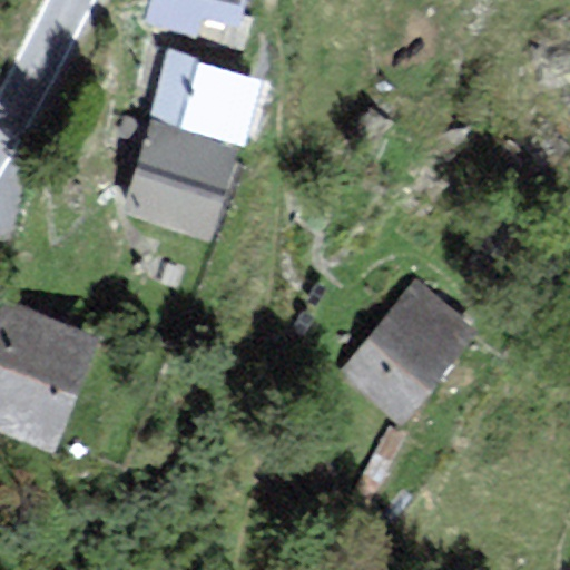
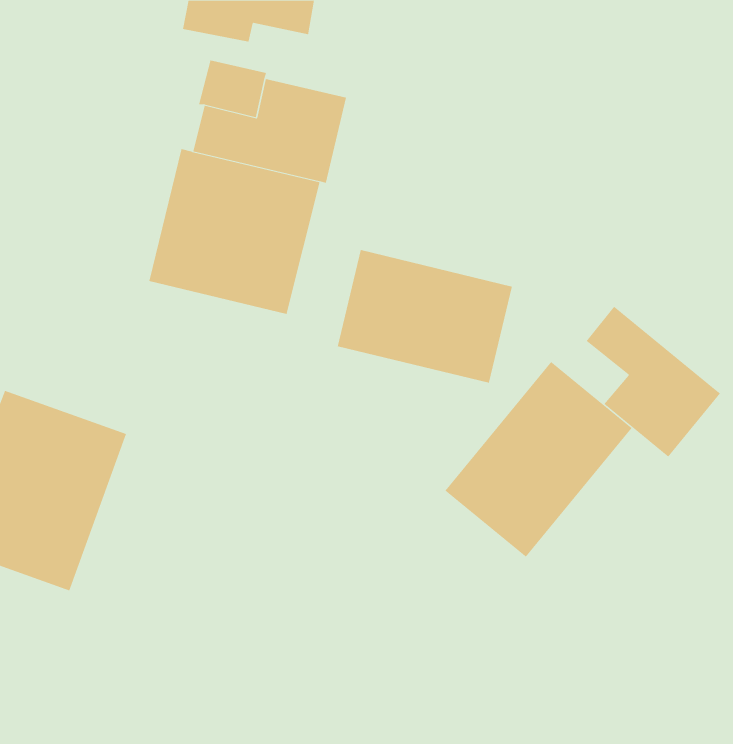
building: none -> [337,249,513,383]
building: none -> [586,306,721,458]

